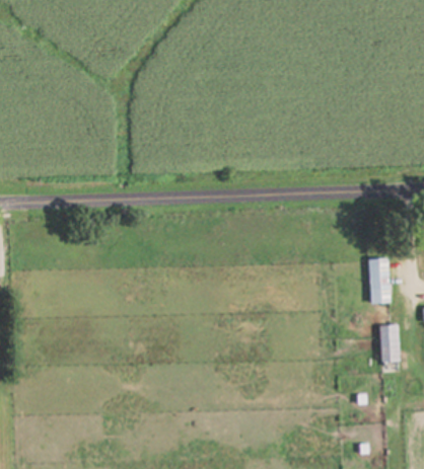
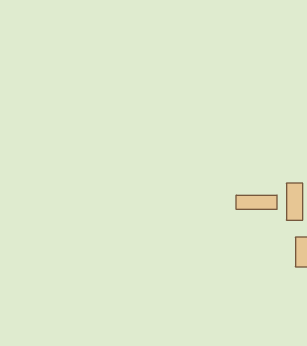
building: none -> [236,195,277,209]

